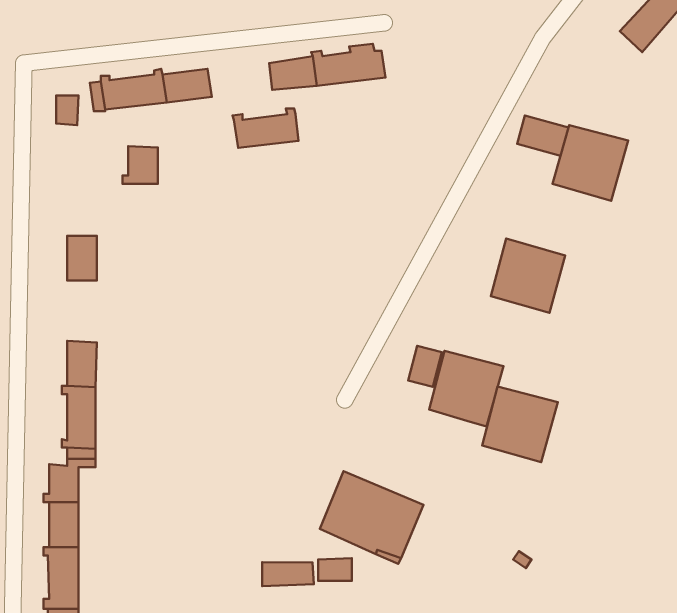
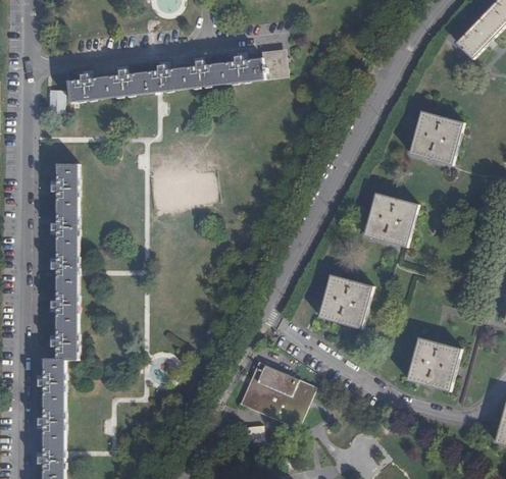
building: [233,109,298,148] -> [156,61,204,90]
building: [517,115,568,156] -> none
building: [123,146,158,184] -> [51,163,77,191]
building: none -> [51,223,77,268]
building: [408,346,442,387] -> none
building: [482,387,558,462] -> [406,336,461,391]
building: [262,562,314,586] -> none

